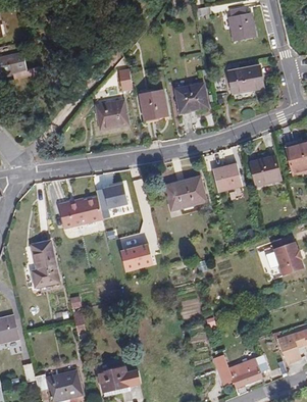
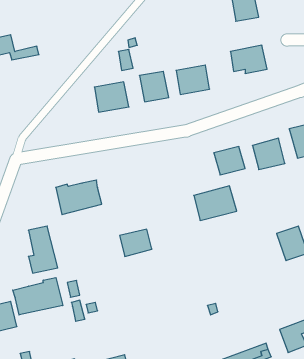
building: [164,175,206,209] -> [194,186,237,220]
building: [102,183,125,207] -> none
building: none -> [13,278,63,315]

